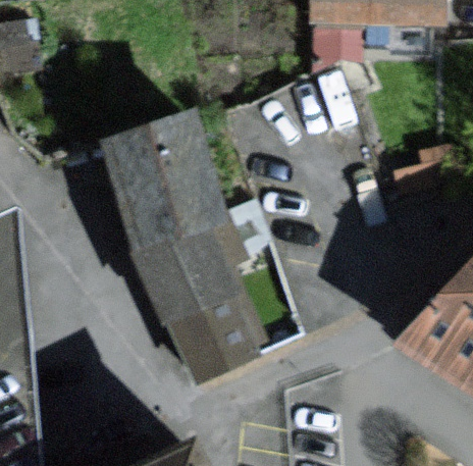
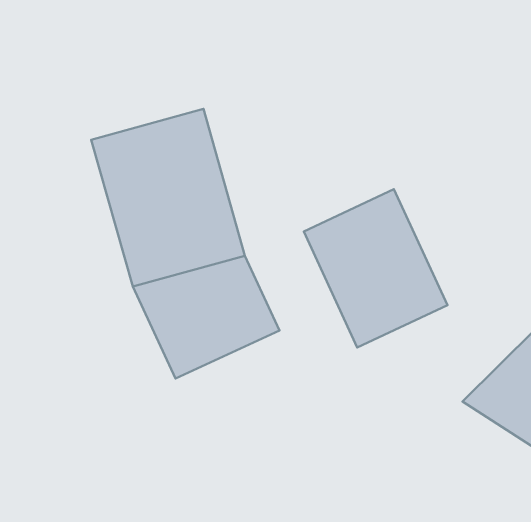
building: none -> [304,189,447,347]
building: [170,283,276,377] -> none

